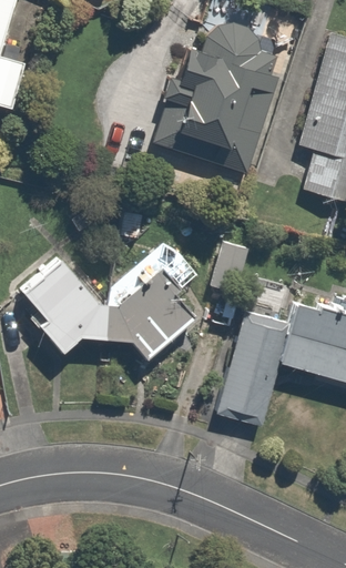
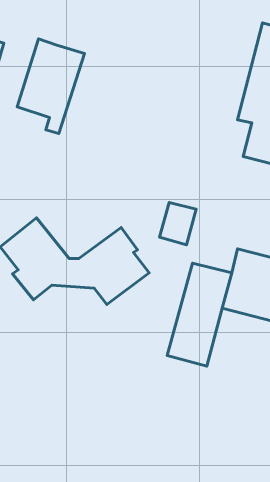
building: [156,23,277,173] -> none
building: none -> [17,39,84,133]

